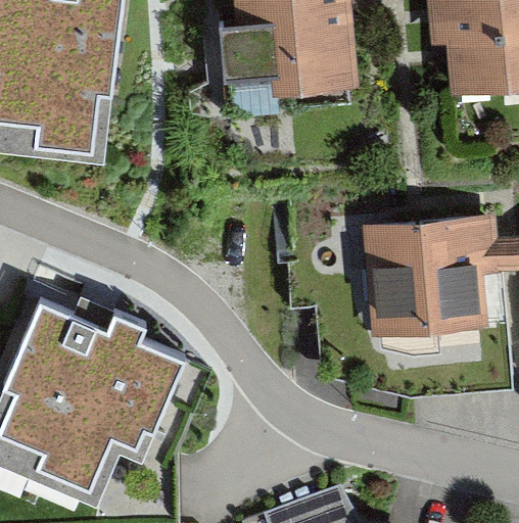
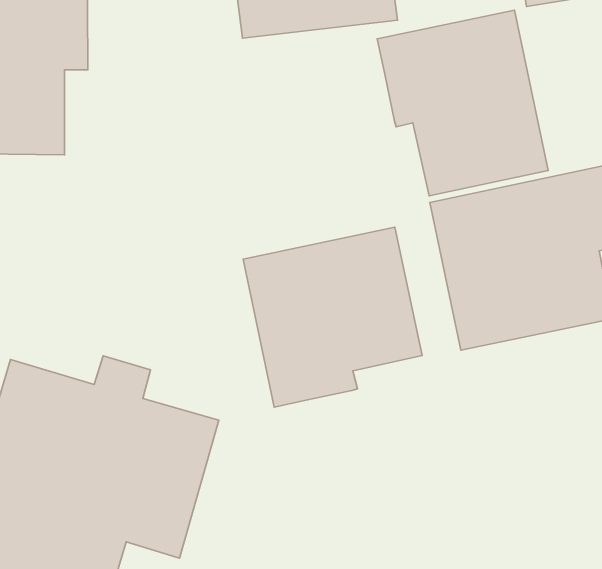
building: none -> [377,10,548,196]
building: none -> [243,227,422,407]

